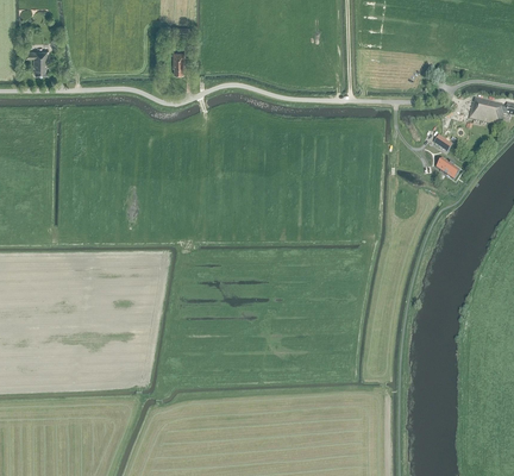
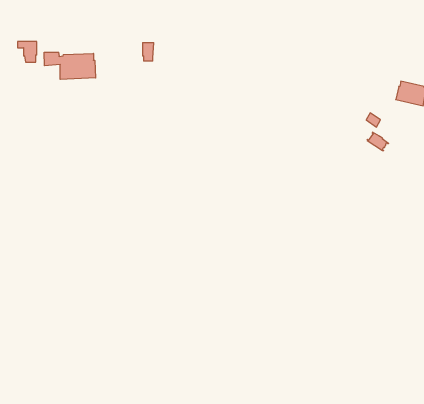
building: none -> [44,52,96,79]

